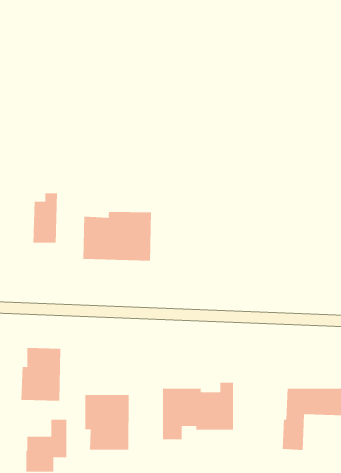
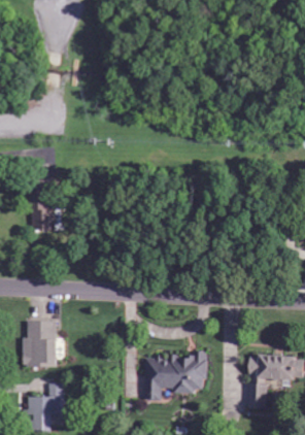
building: [83,211,152,262] -> none
building: [85,394,129,451] -> none

